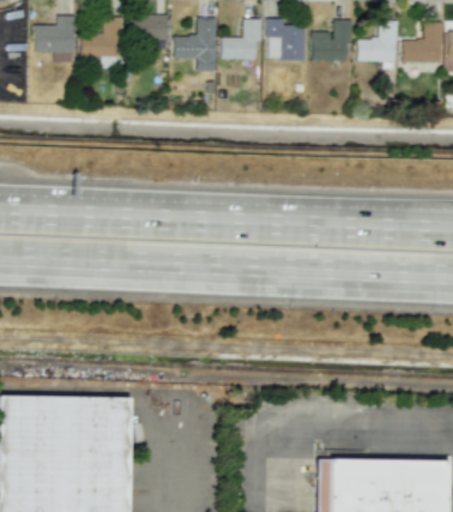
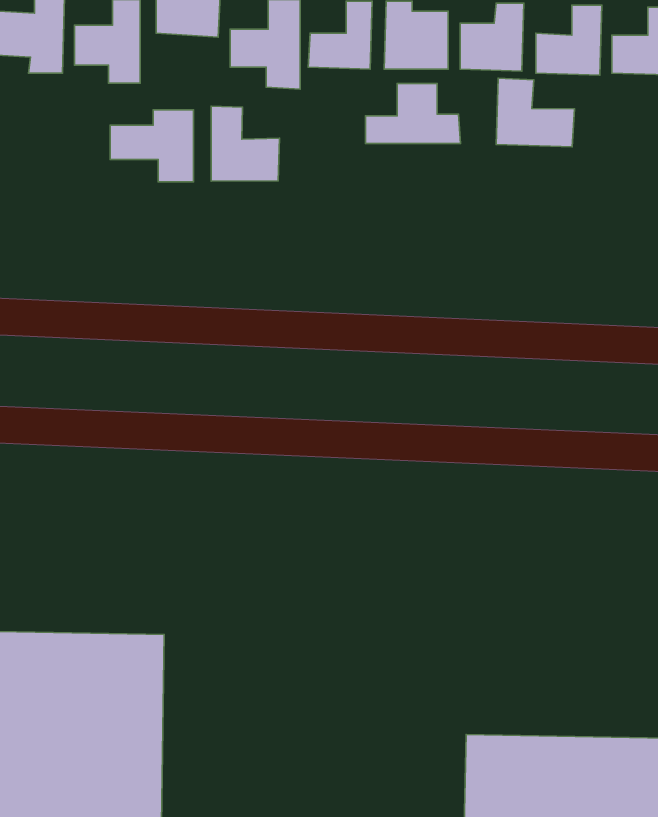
building: none -> [496,78,574,147]
building: none -> [365,83,461,143]
building: none -> [211,106,279,181]
building: none -> [110,110,194,182]

